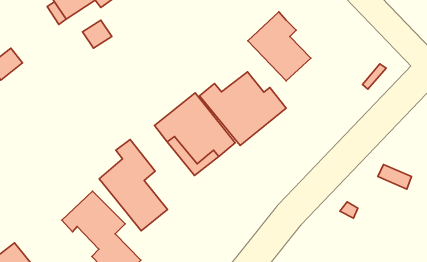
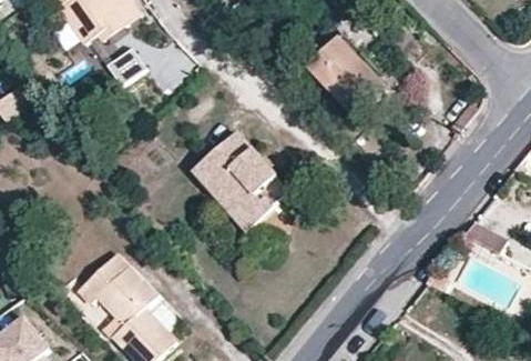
building: [200,72,286,146] -> none
building: [99,140,167,231] -> none

